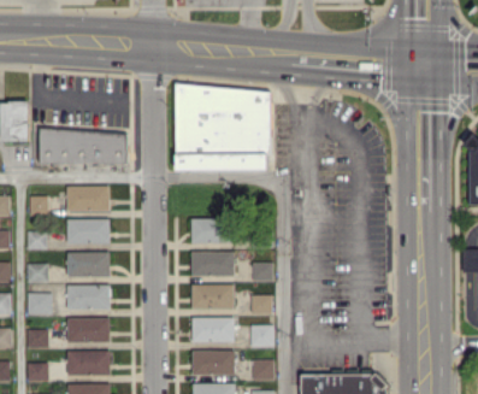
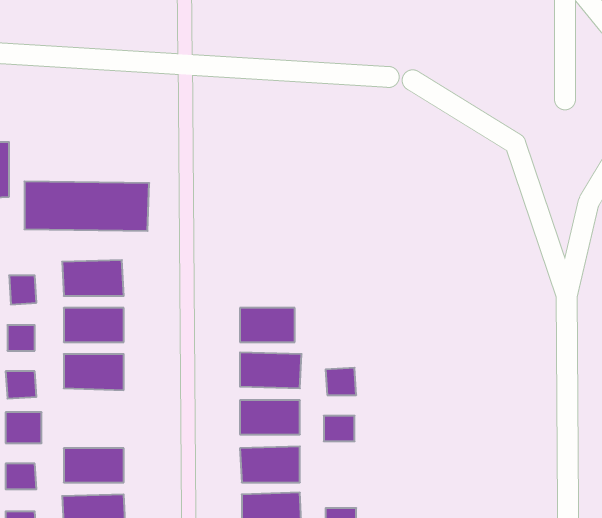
building: [175,87,272,171] -> none
building: [67,286,111,310] -> none
building: [249,324,273,347] -> none

